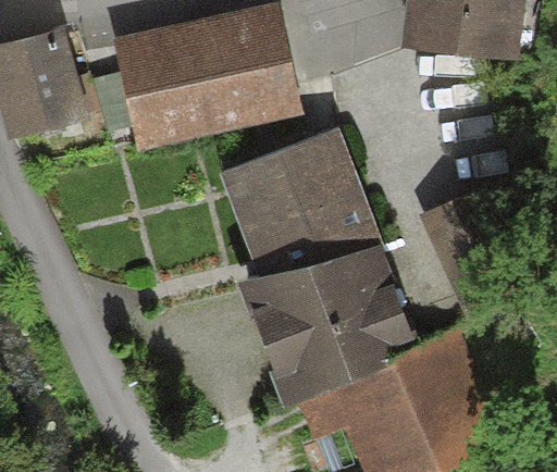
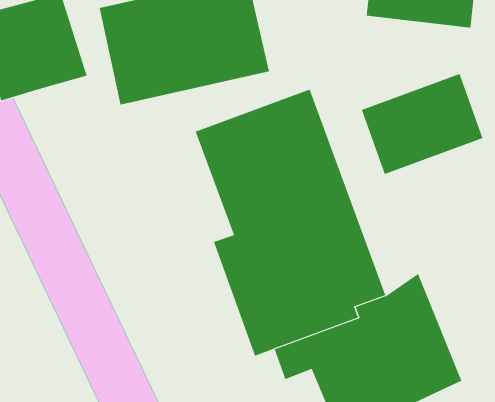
building: none -> [361,73,483,175]

